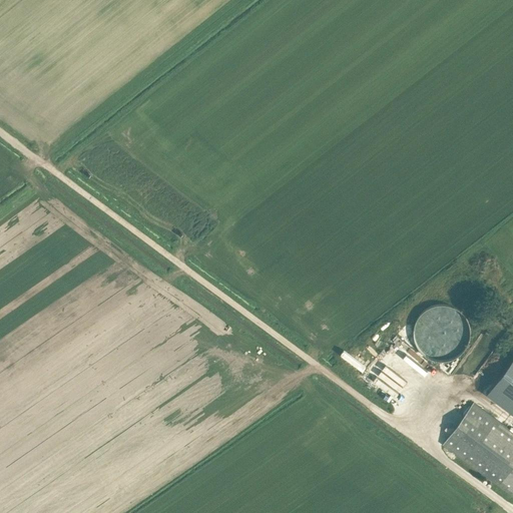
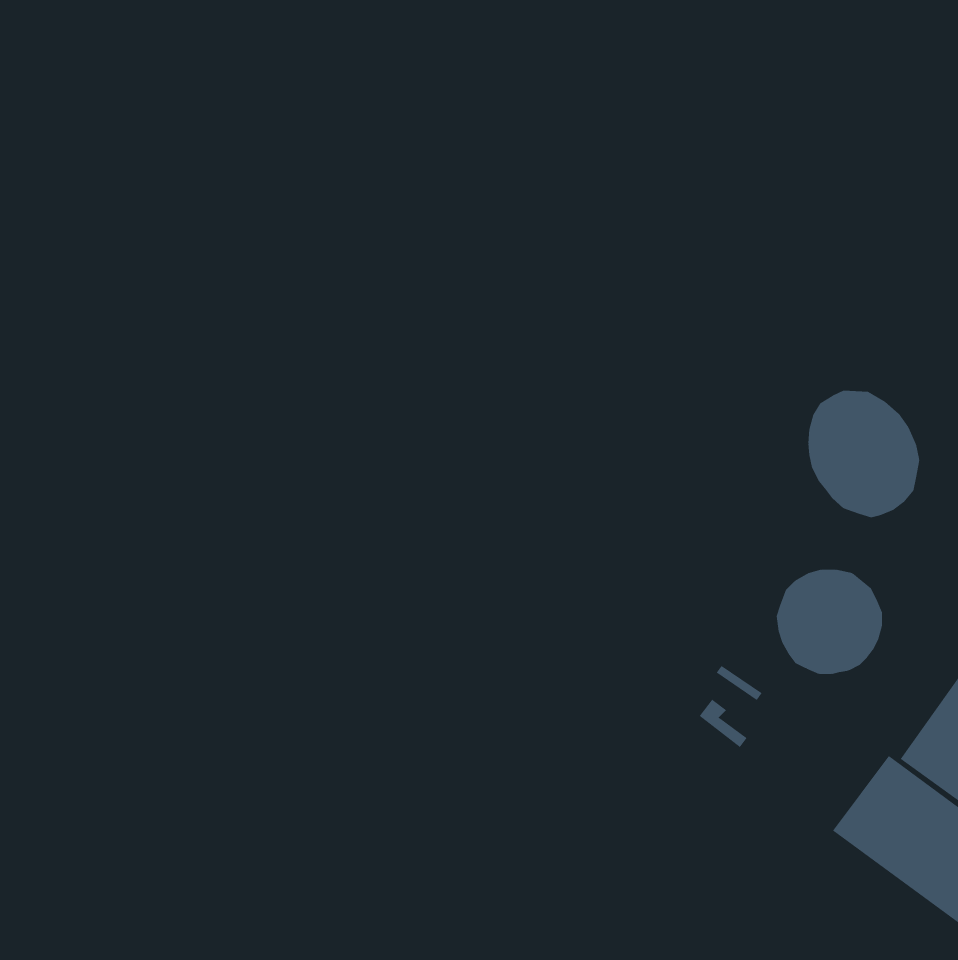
building: none -> [808,390,920,518]

